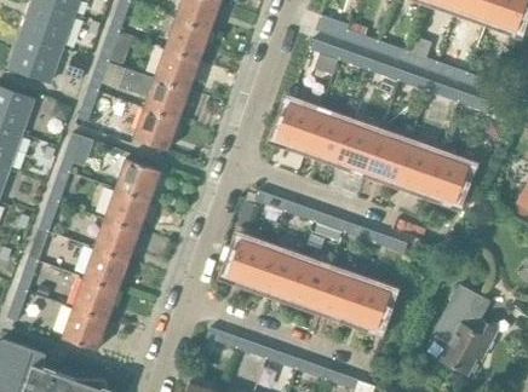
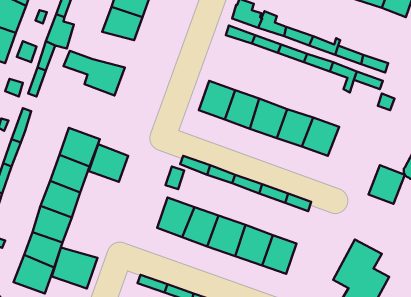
building: [153,46,201,87] -> none
building: [132,106,178,150] -> [89,144,128,182]
building: [426,156,469,201] -> [368,165,405,204]
building: none -> [52,247,98,289]

